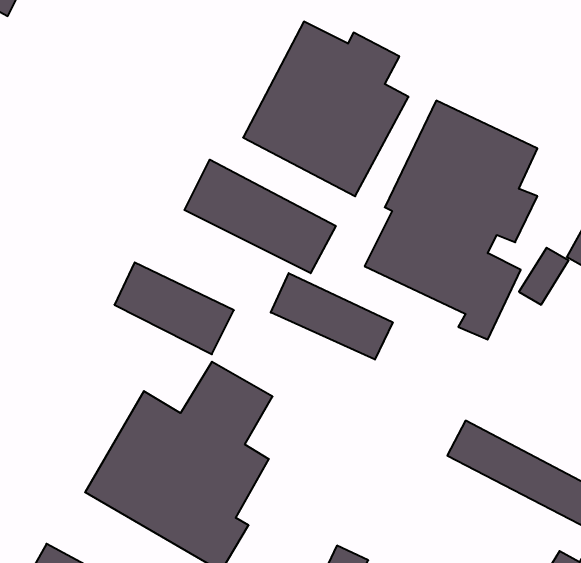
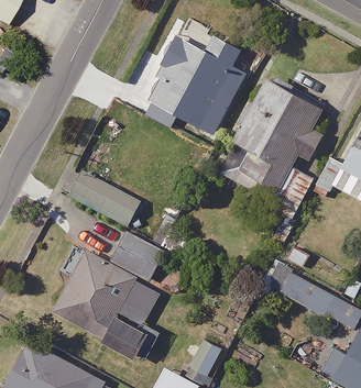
building: [184,160,336,273] -> none
building: [271,273,393,360] -> none

